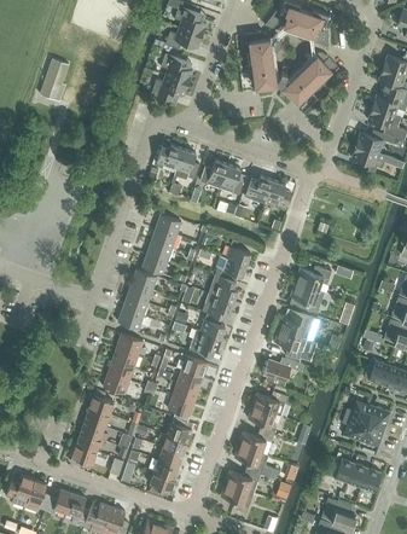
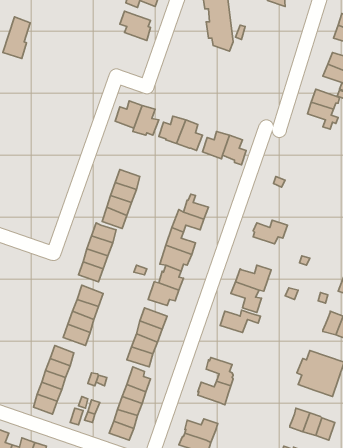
building: [280,53,339,103] -> none
building: [151,75,188,101] -> none
building: [291,284,322,314] -> none
building: [254,391,287,417] -> none
building: [234,446,278,480] -> none

